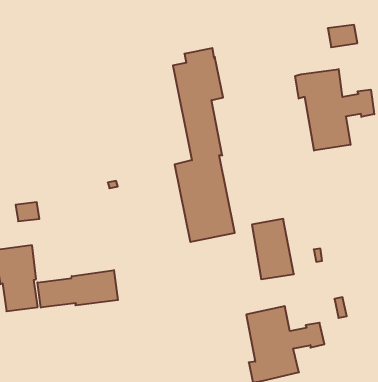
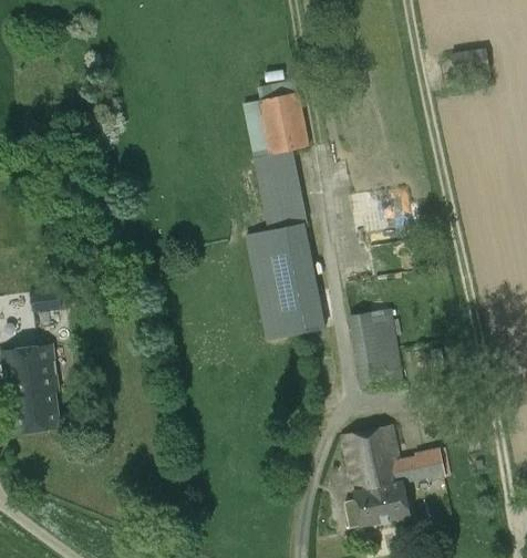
building: [295,69,374,151] -> none
building: [37,270,118,308] -> none

